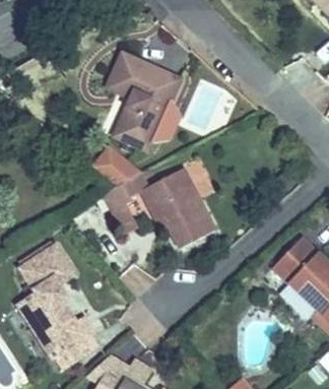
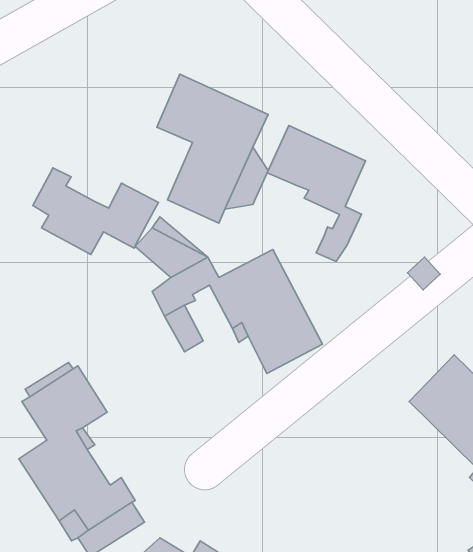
building: none -> [267,126,366,262]
building: none -> [33,168,158,255]

